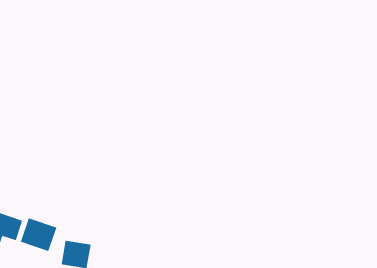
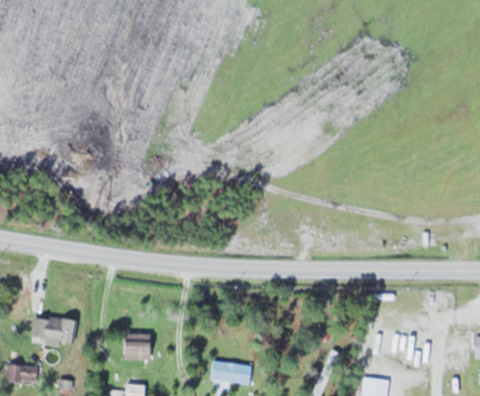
building: [20,218,57,252] -> none

